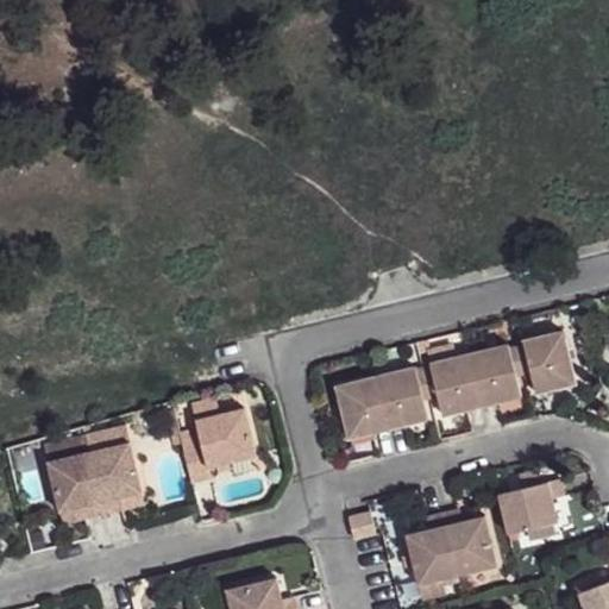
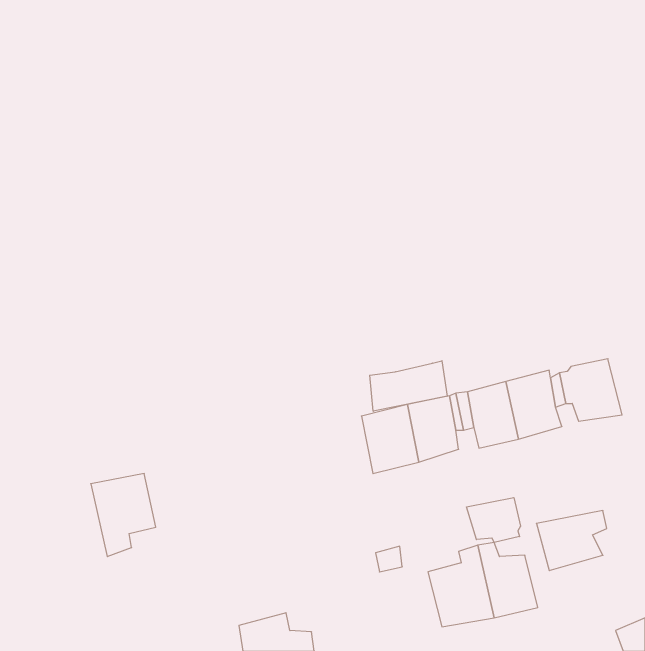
building: none -> [370,361,447,411]
building: [175,409,247,484] -> none
building: [40,451,100,521] -> none
building: none -> [467,498,521,542]

